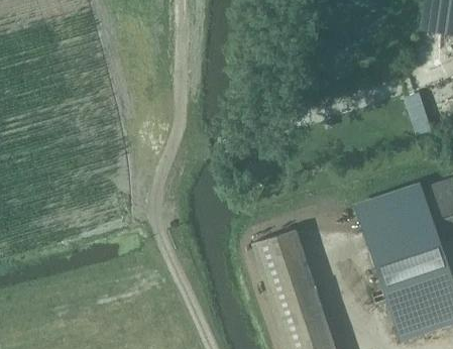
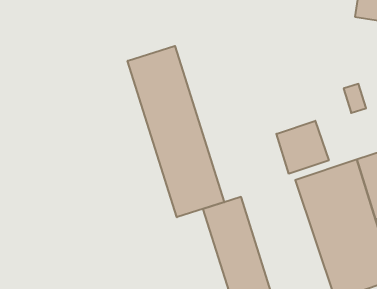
building: none -> [128,46,224,217]
building: none -> [276,121,329,174]

